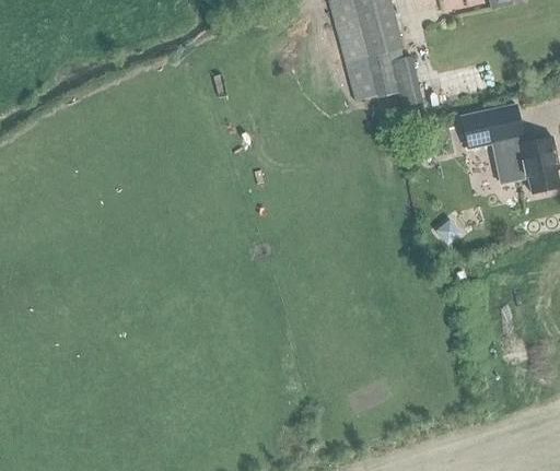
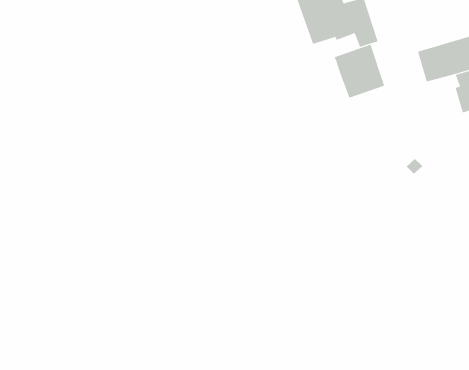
building: none -> [334,44,385,99]

